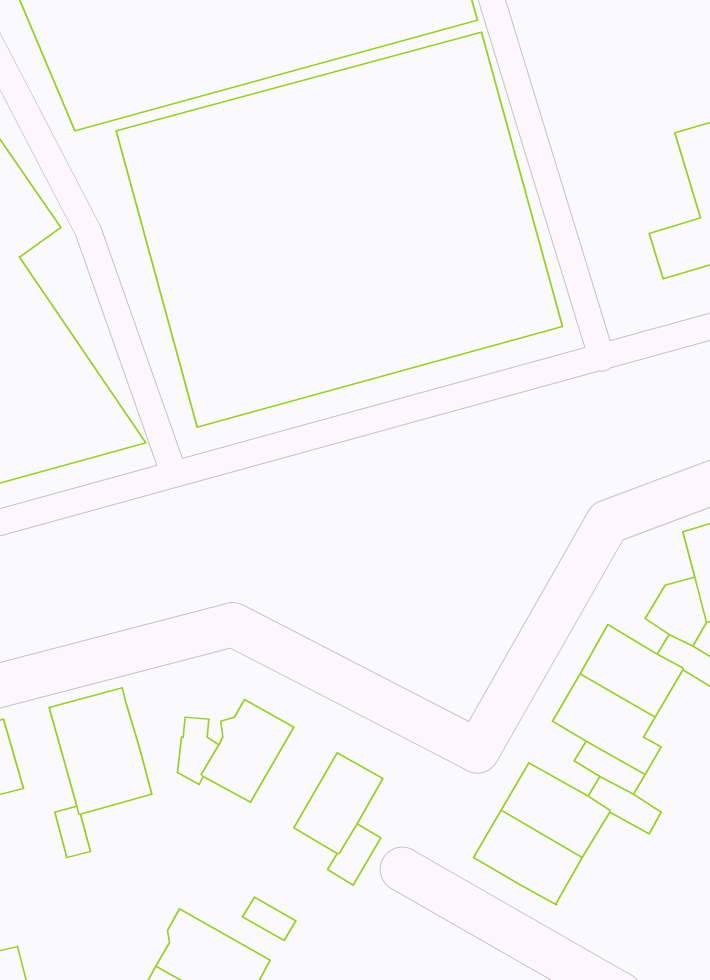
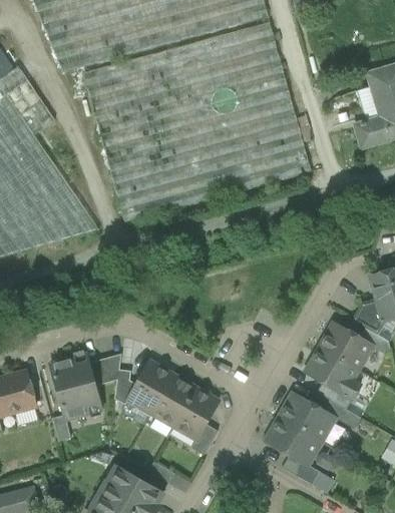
building: none -> [88,353,121,385]
building: none -> [151,374,195,425]
building: none -> [282,454,320,484]

